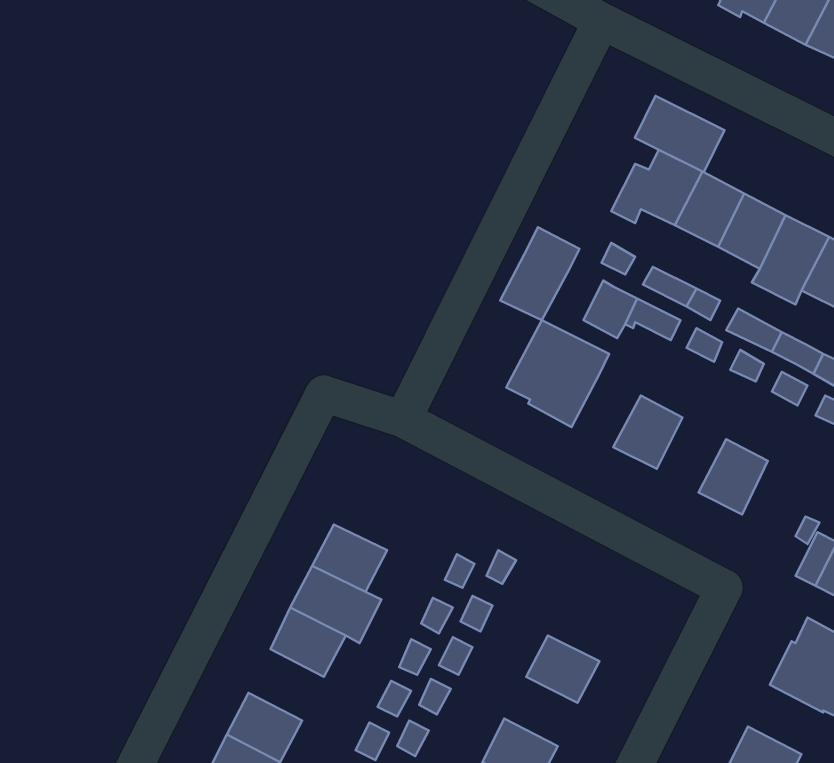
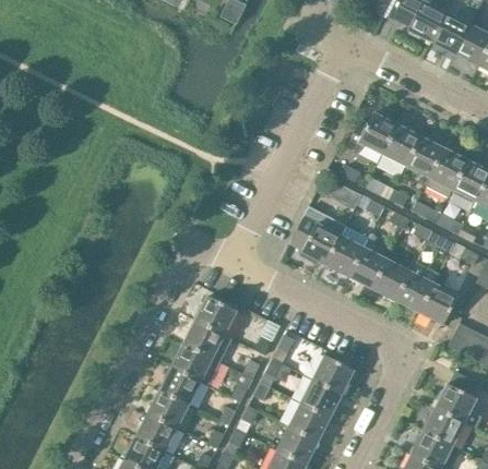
building: [635,96,725,172] -> none
building: [500,227,580,320] -> [325,226,369,277]
building: none -> [372,261,410,302]
building: none -> [419,285,457,326]
building: none -> [194,296,236,334]
building: none -> [312,356,353,395]
building: none -> [147,388,189,428]
building: none -> [288,404,329,442]
building: none -> [422,408,464,446]

